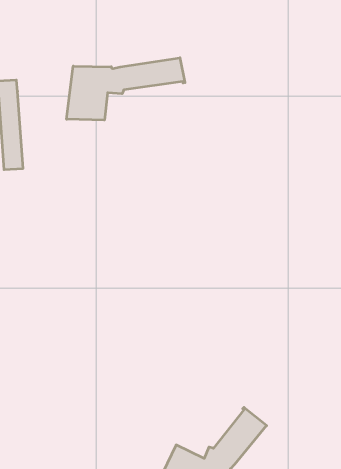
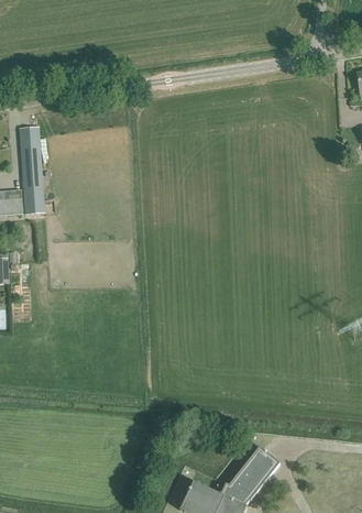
building: [67,58,185,120] -> none

